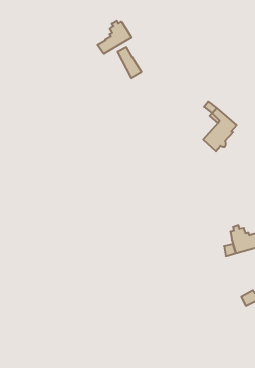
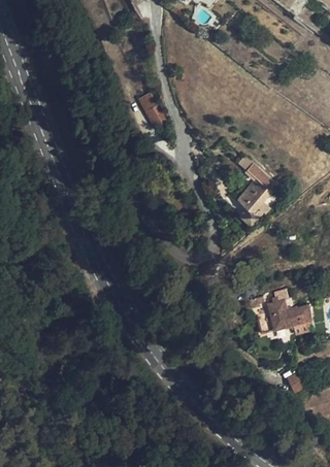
building: [97,21,131,54] -> none

